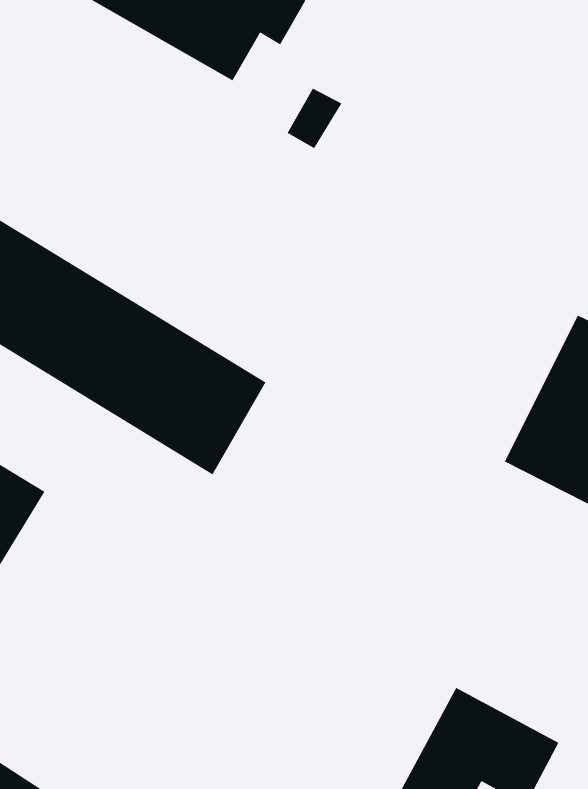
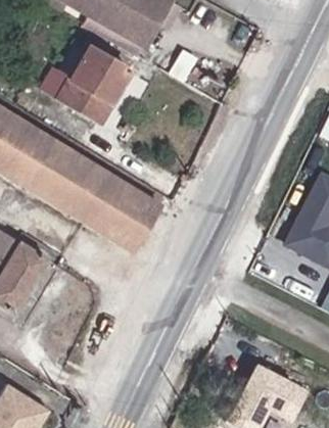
building: none -> [60,46,134,125]

